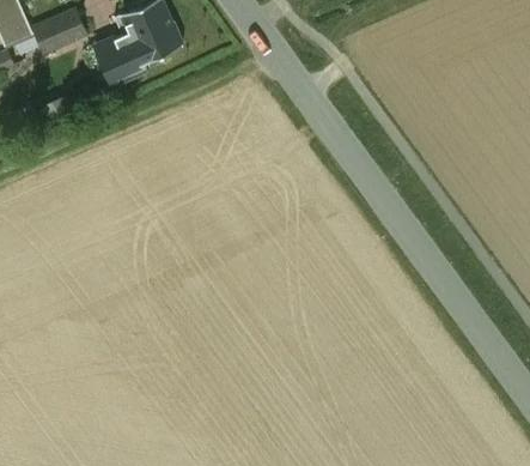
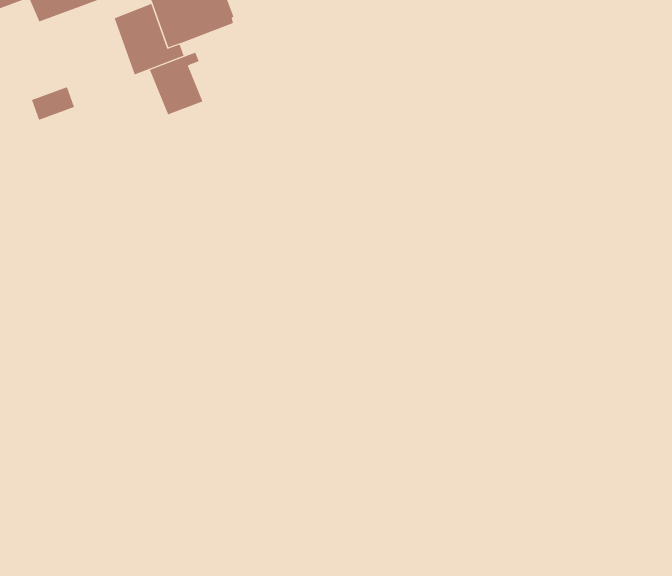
building: none -> [149,52,203,115]

